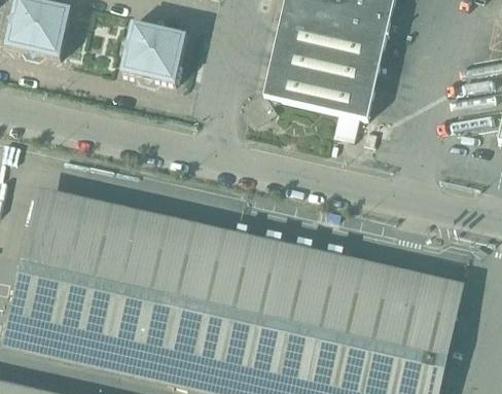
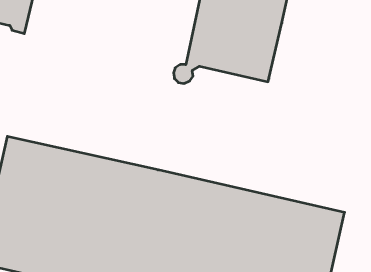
building: [119,21,186,83] -> none

